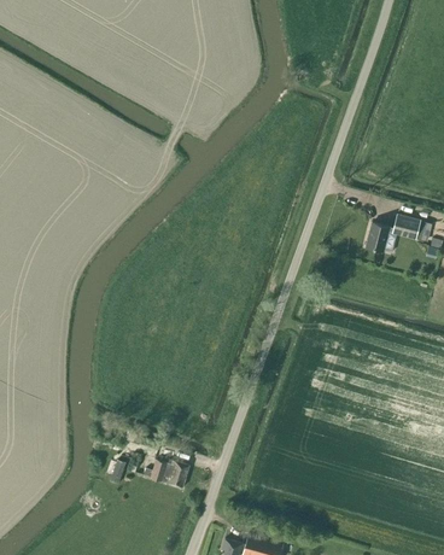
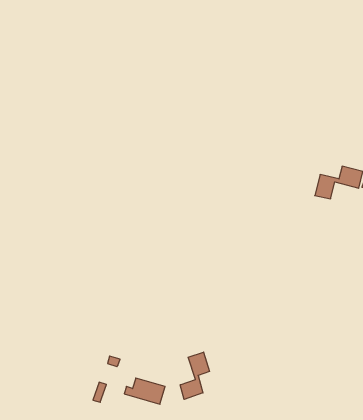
building: none -> [180,352,210,399]

